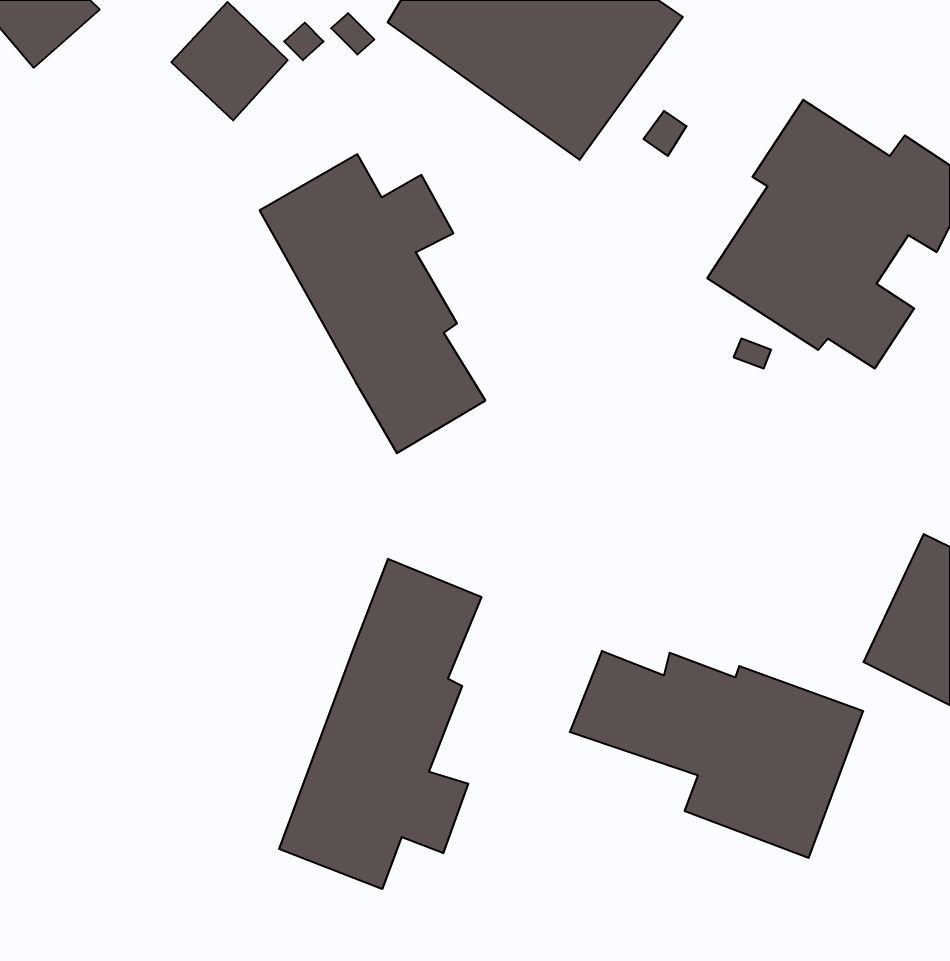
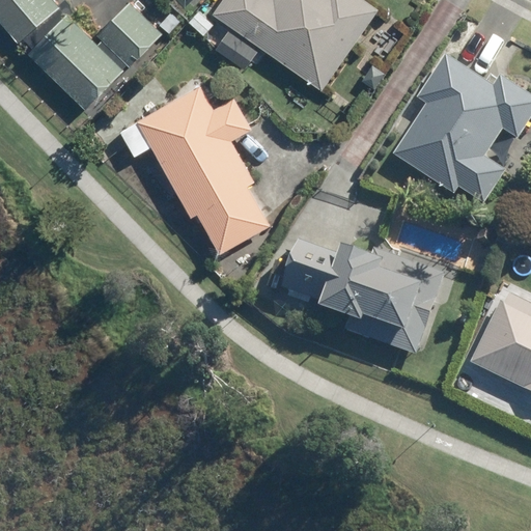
building: none -> [27,7,119,102]
building: [279,559,481,889] -> none
building: [570,651,863,858] -> [283,242,445,356]

